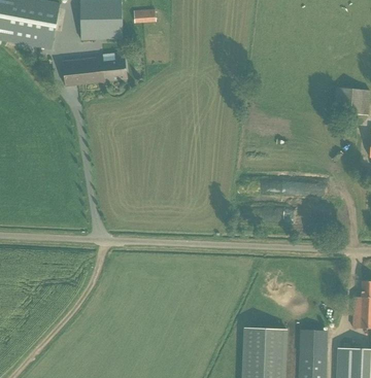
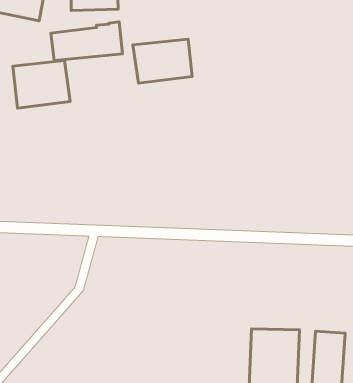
building: none -> [133,39,192,83]
building: none -> [13,61,70,108]

